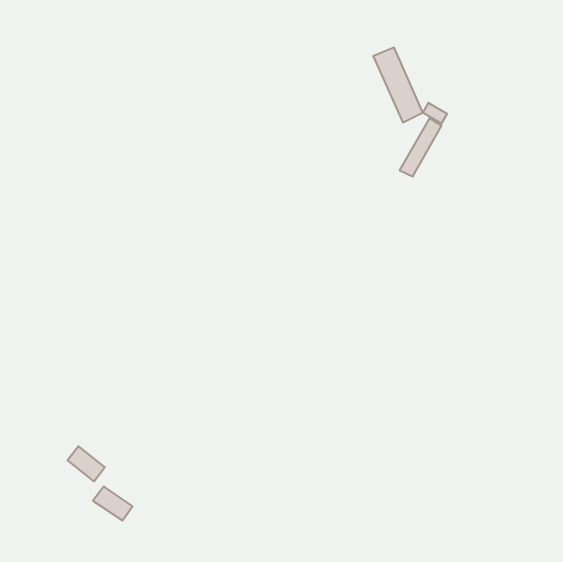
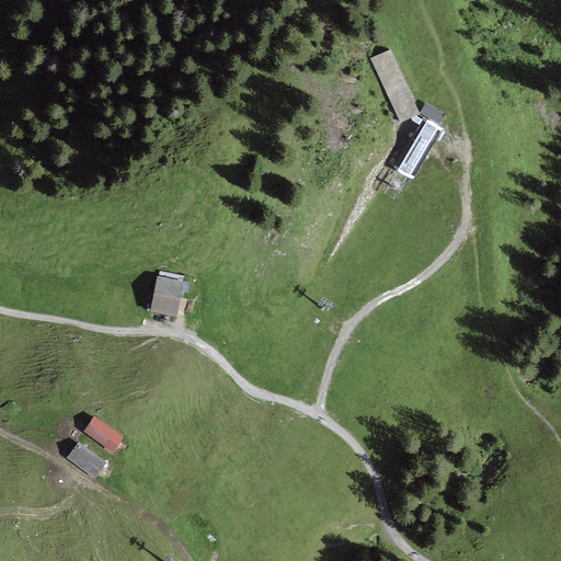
building: none -> [152,275,185,313]
building: [93,486,133,521] -> [84,417,124,451]

